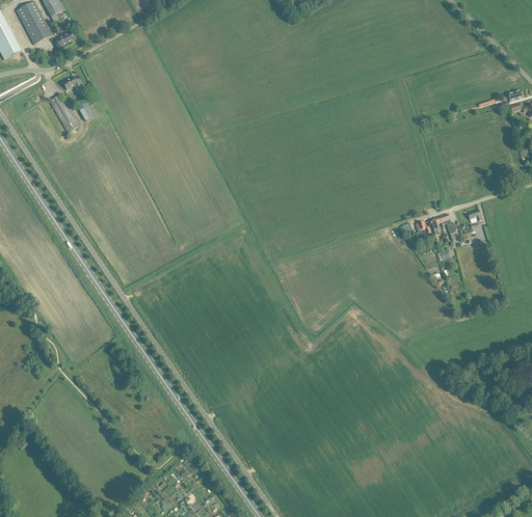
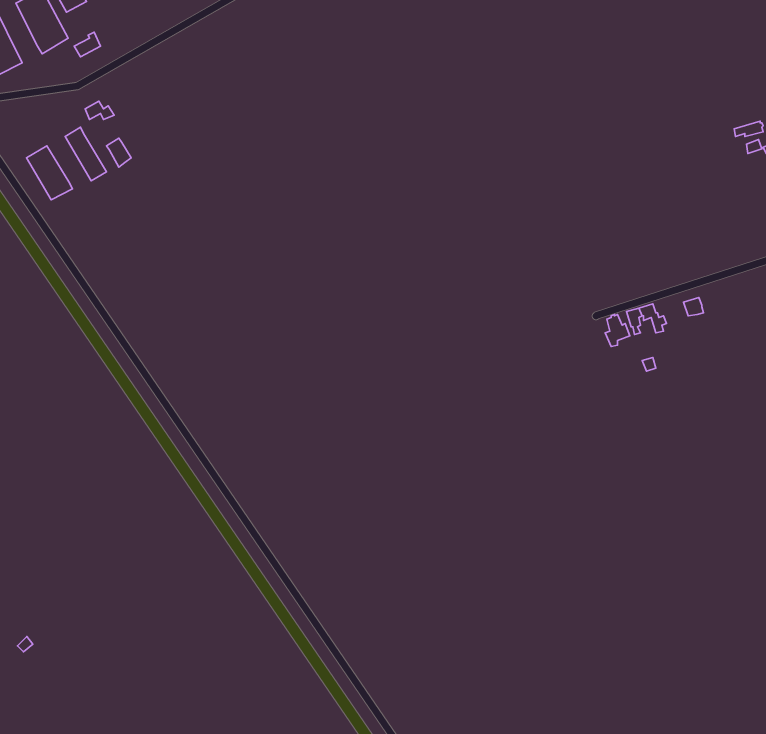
building: none -> [26,146,73,200]

